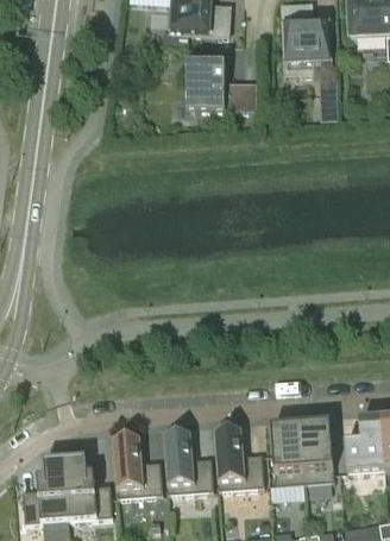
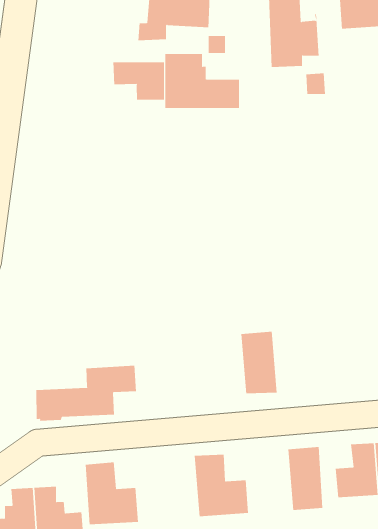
building: none -> [113,62,164,100]
building: none -> [36,365,137,421]
building: [270,426,304,484] -> [240,331,278,394]
building: [163,434,213,492] -> none

